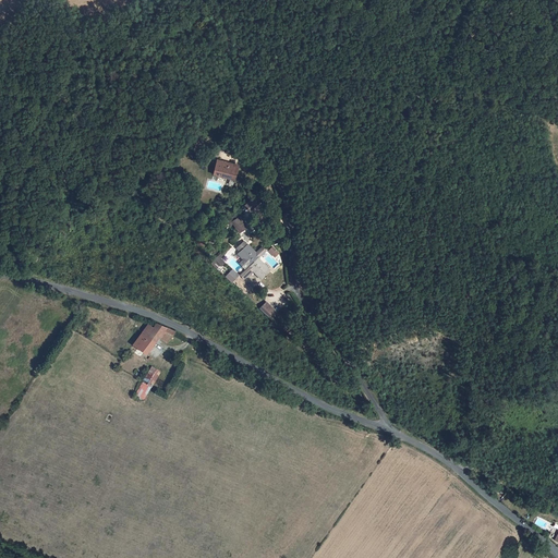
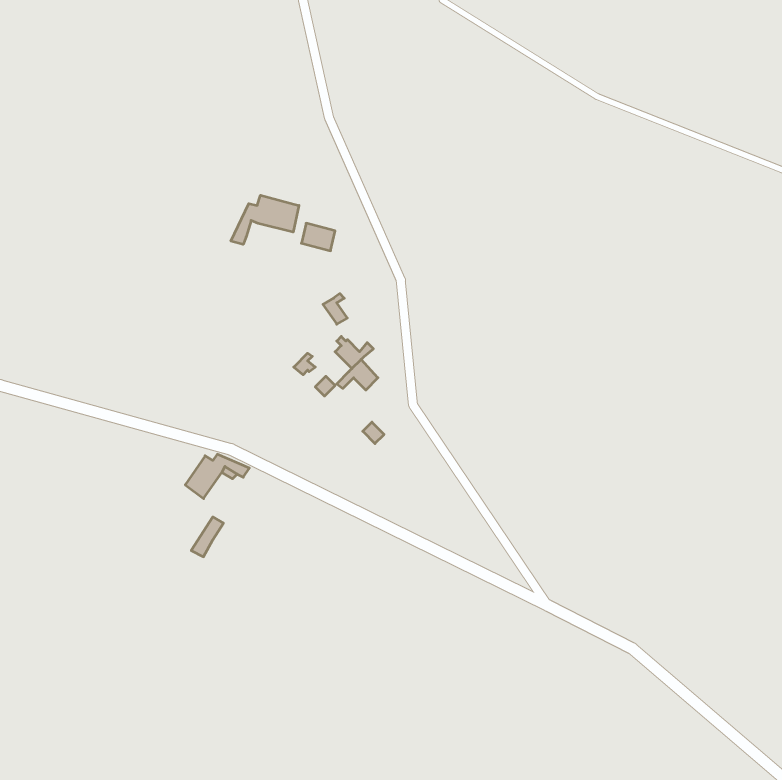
building: none -> [231,195,299,244]

